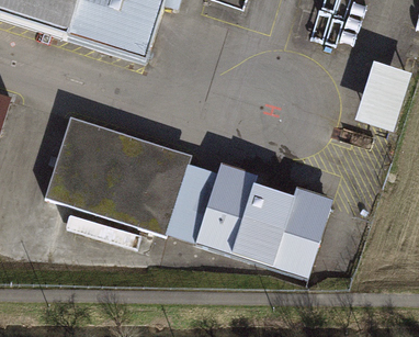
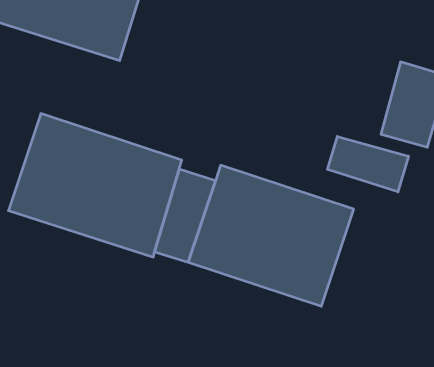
building: none -> [327,136,408,192]

